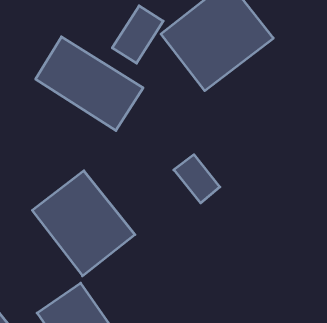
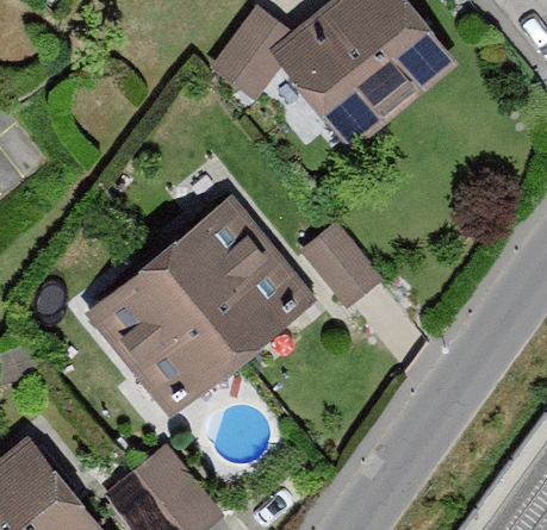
building: [36,37,143,131] -> none
building: none -> [170,205,307,348]

